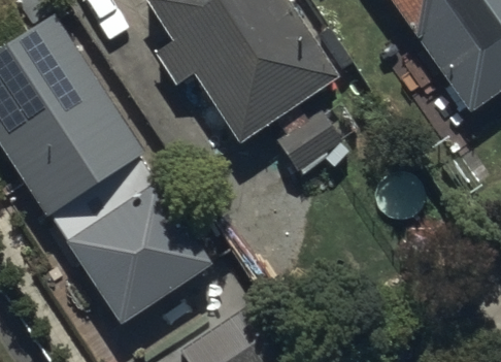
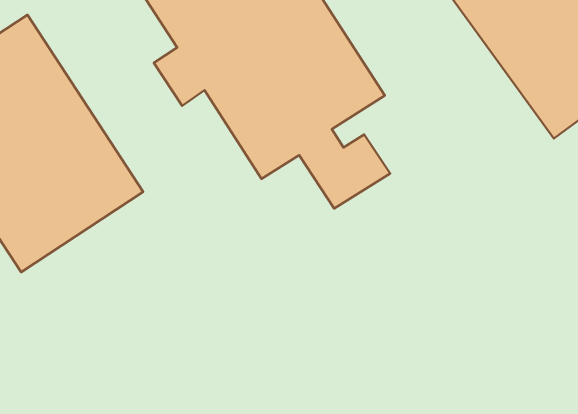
building: [67,183,212,326] -> none

